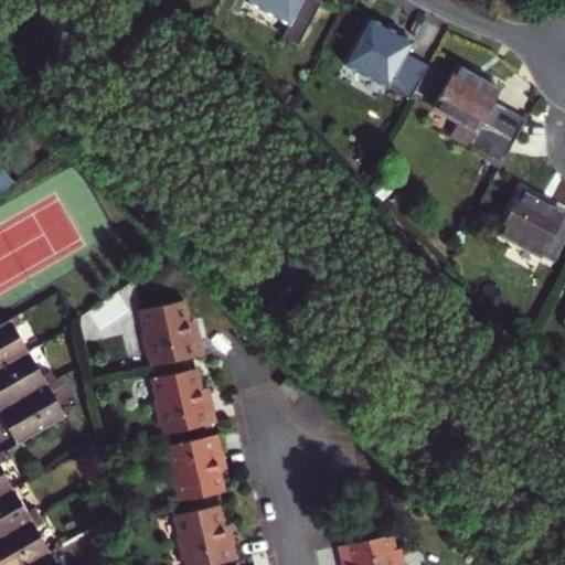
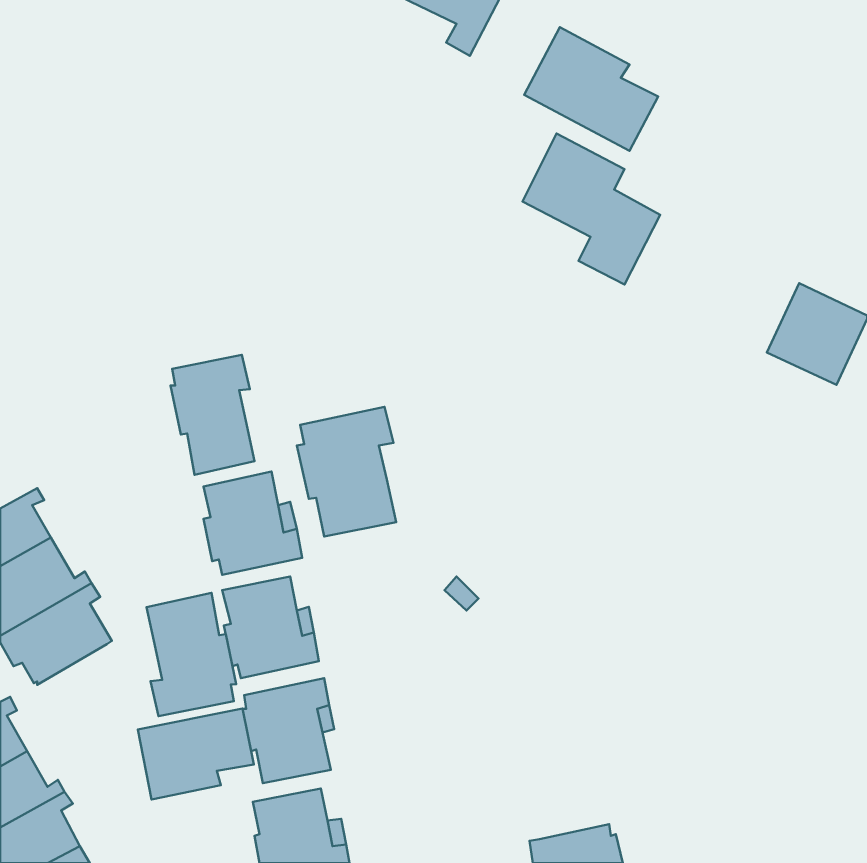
building: [437,63,526,161] -> [523,134,660,284]
building: none -> [171,355,255,475]
building: none -> [297,407,396,537]
building: none -> [147,593,236,716]
building: none -> [138,709,254,799]

